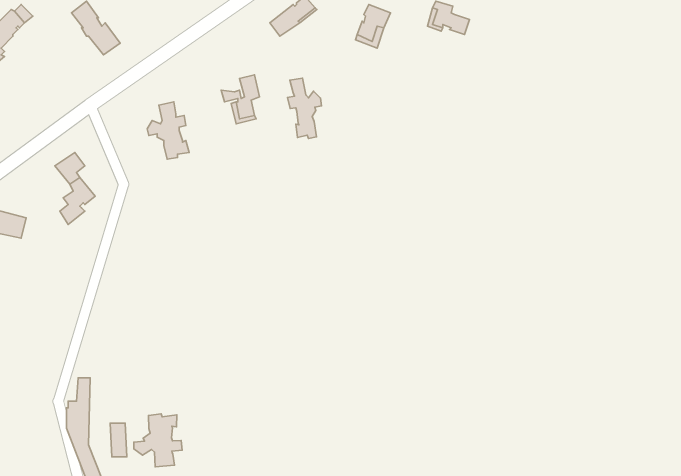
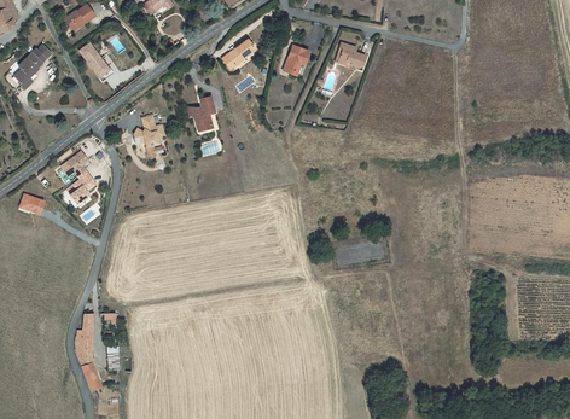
building: [287,78,322,139] -> none
building: [134,414,182,467] -> none

